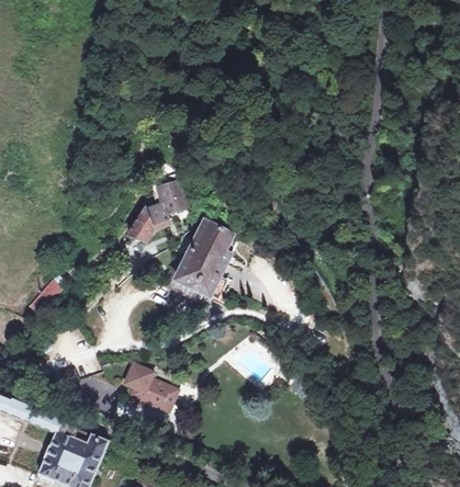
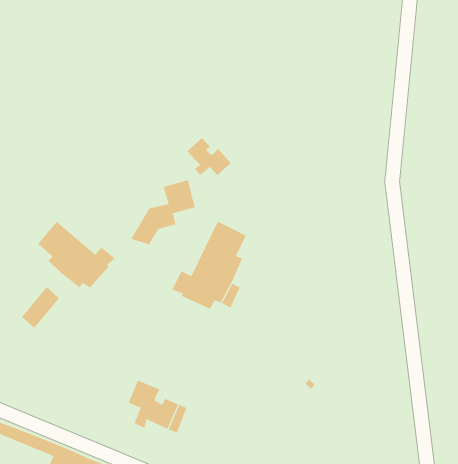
building: none -> [186,137,231,176]
building: none -> [37,221,116,289]

